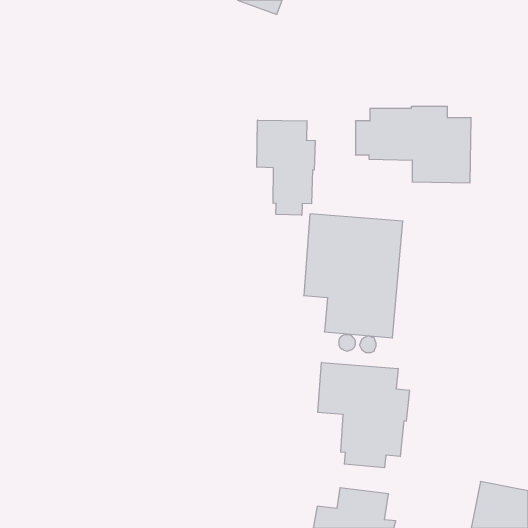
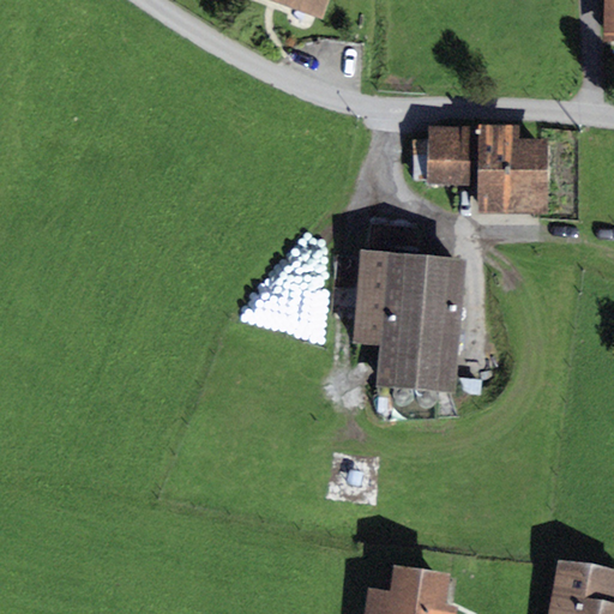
building: [257,120,315,215] -> none
building: [318,362,409,468] -> none

